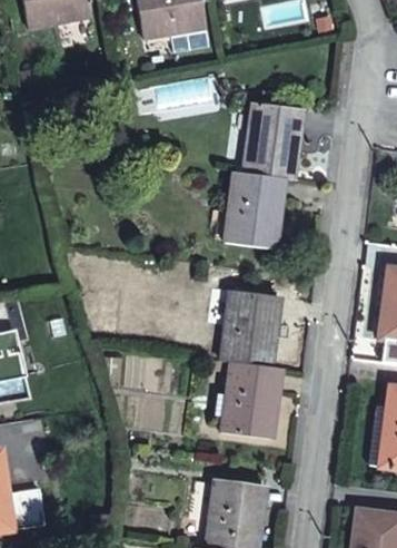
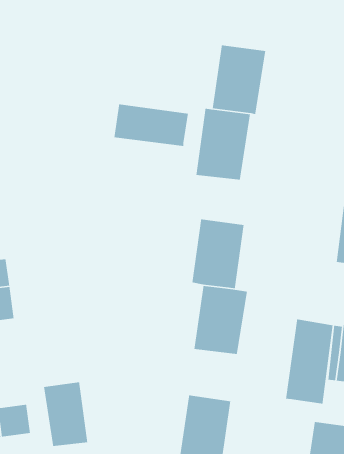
building: none -> [114,103,189,147]
building: none -> [285,318,334,405]
building: none -> [43,381,88,447]

